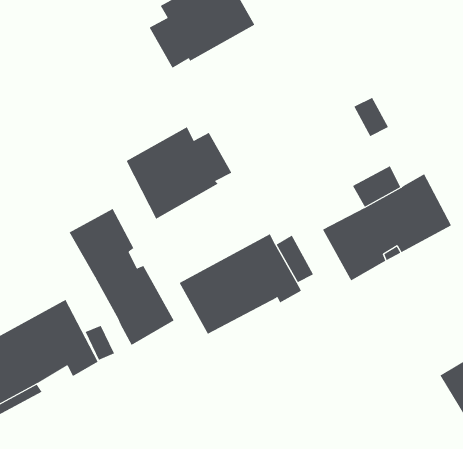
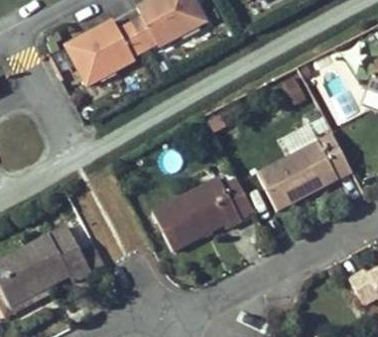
building: [126,127,232,219] -> [68,20,146,89]
building: [69,208,174,346] -> none

